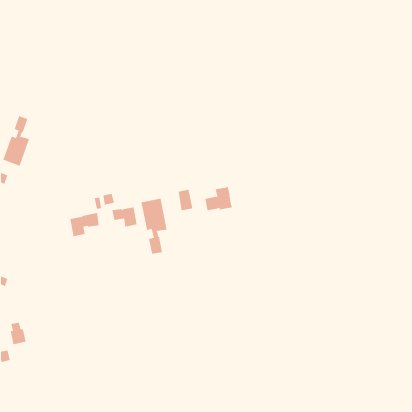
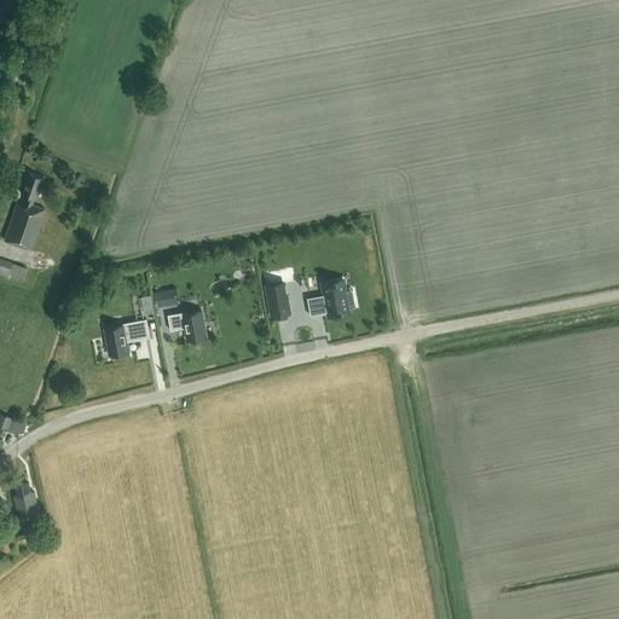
building: [141,198,167,255] -> none

